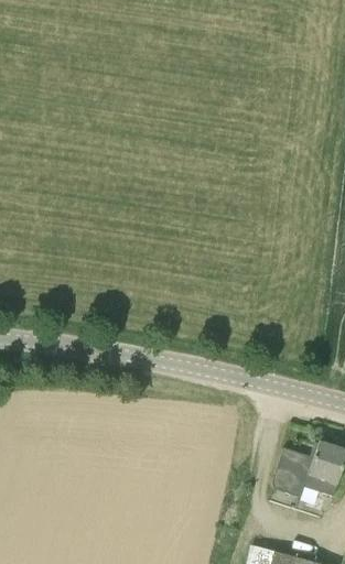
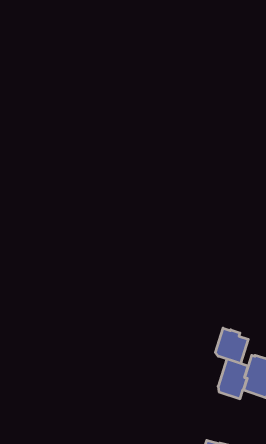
building: none -> [215,328,248,363]

